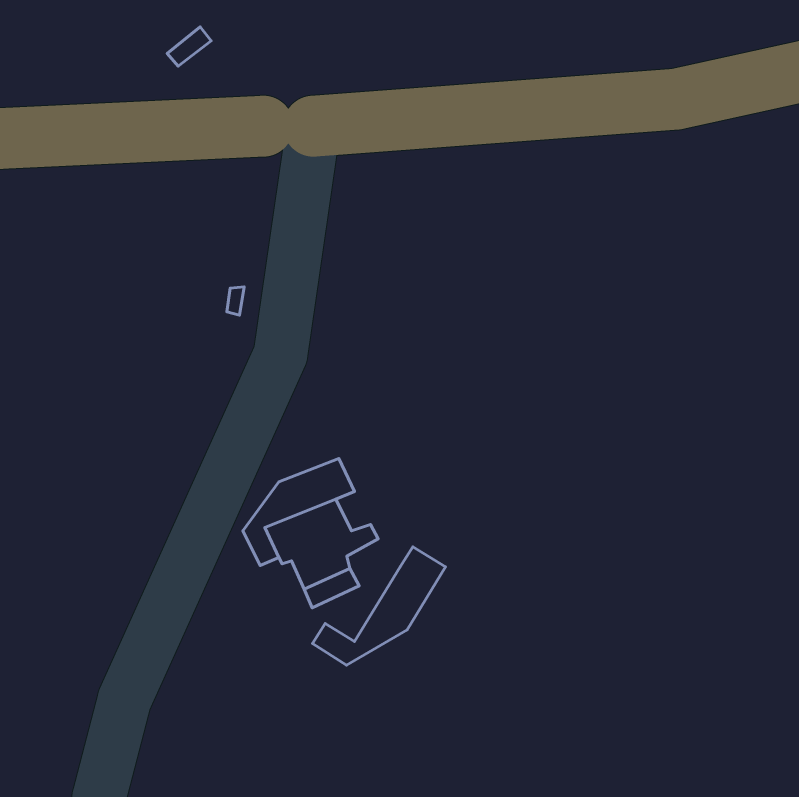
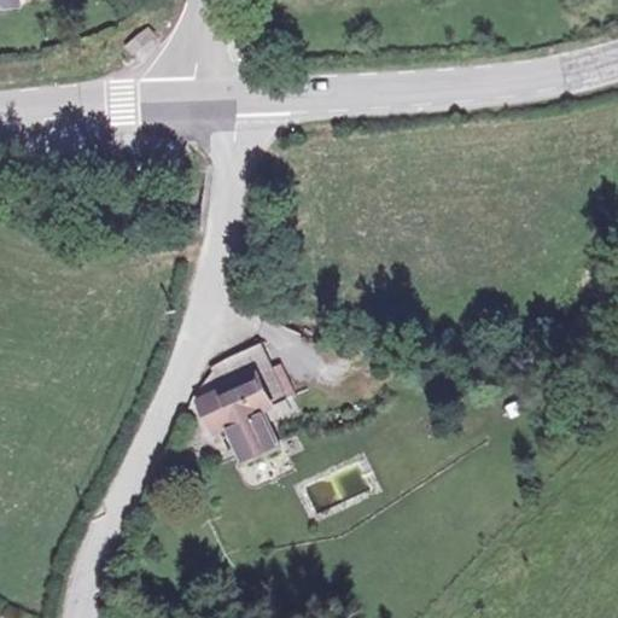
building: [313,547,445,665] -> none

